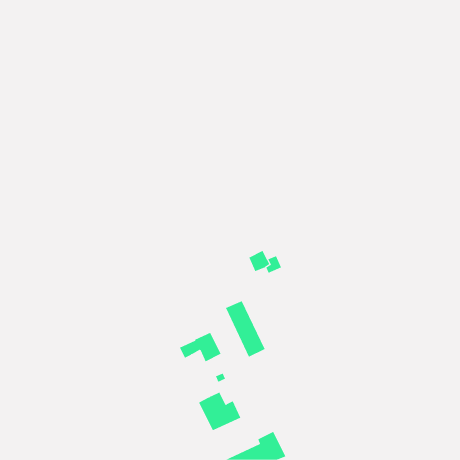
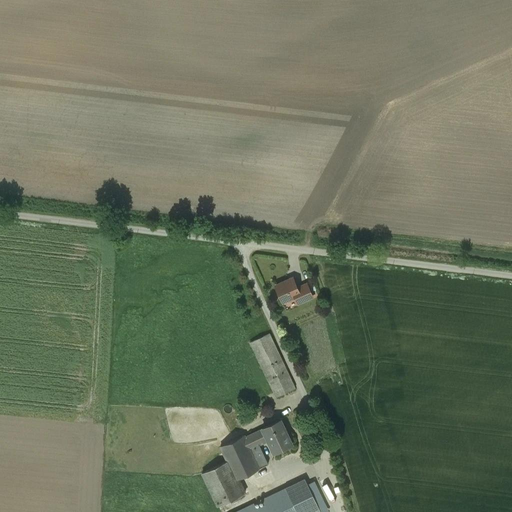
building: [179,332,221,362] -> [245,420,292,453]
building: none -> [202,461,245,506]

